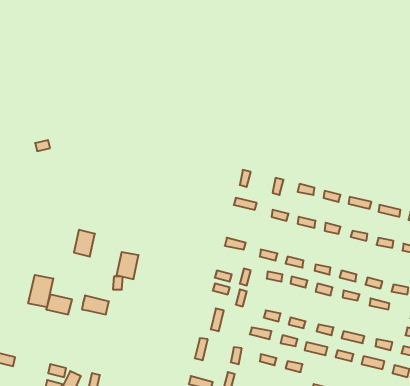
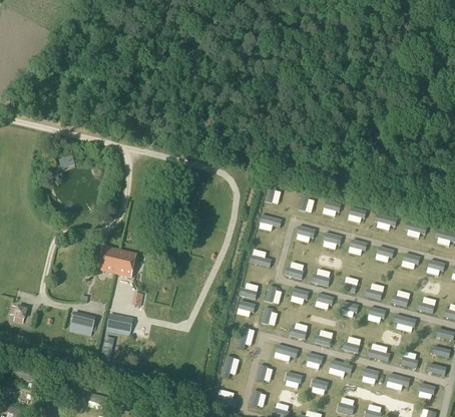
building: [117,252,139,279] -> [114,250,136,277]
building: [28,275,53,307] -> none

